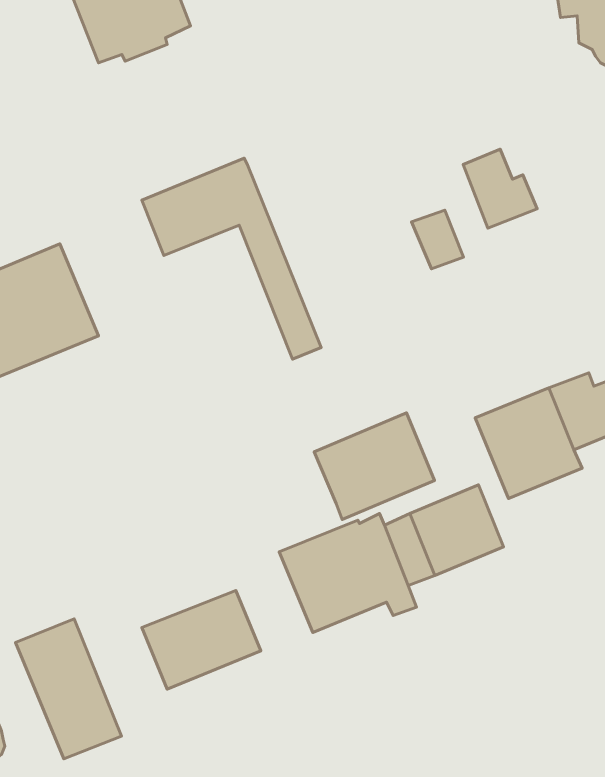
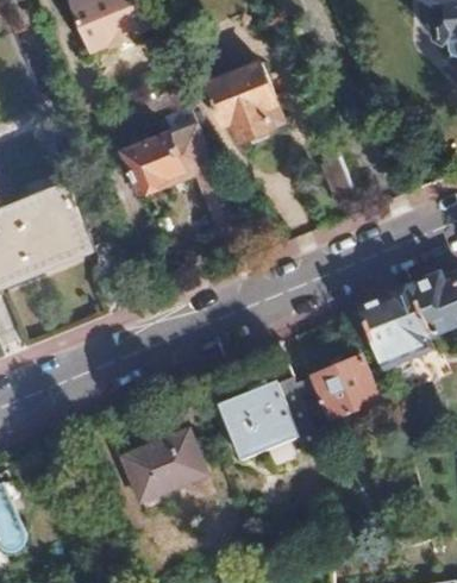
building: none -> [202,64,282,144]
building: [463,149,537,228] -> none
building: [314,413,435,519] -> none
building: [16,619,121,759] -> none

